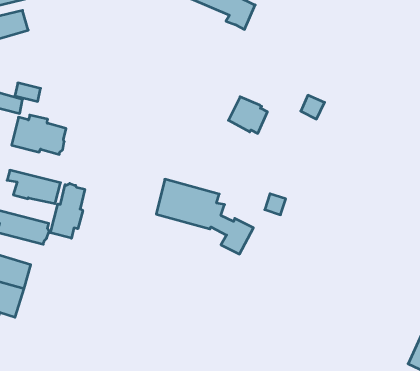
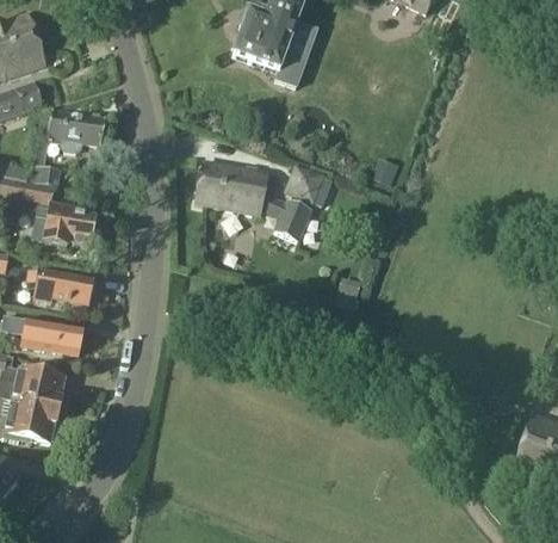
building: none -> [41,110,107,152]
building: [156,179,253,254] -> [196,158,311,240]
building: [50,183,85,238] -> none

